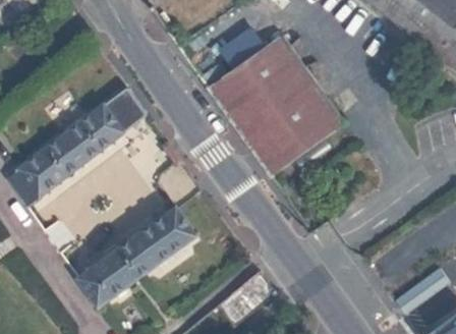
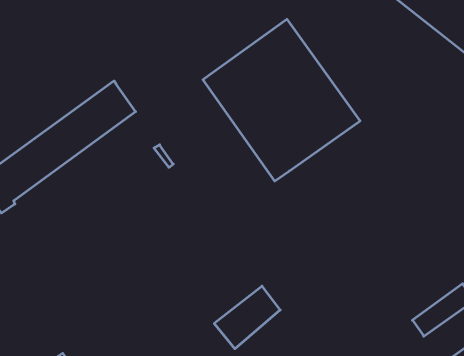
building: [78,206,197,304] -> none

